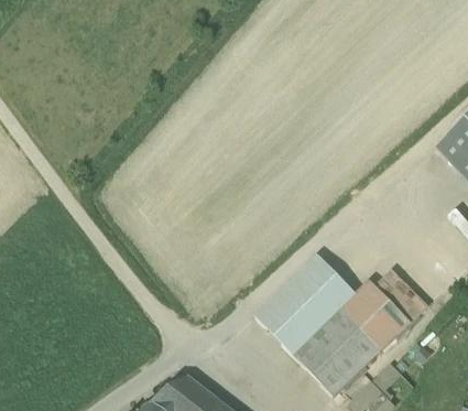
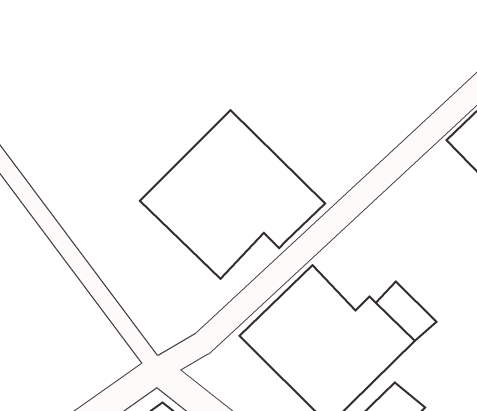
building: none -> [140,110,325,279]

